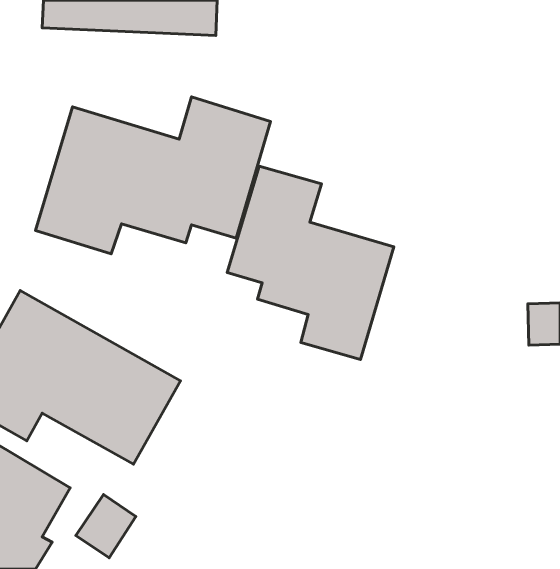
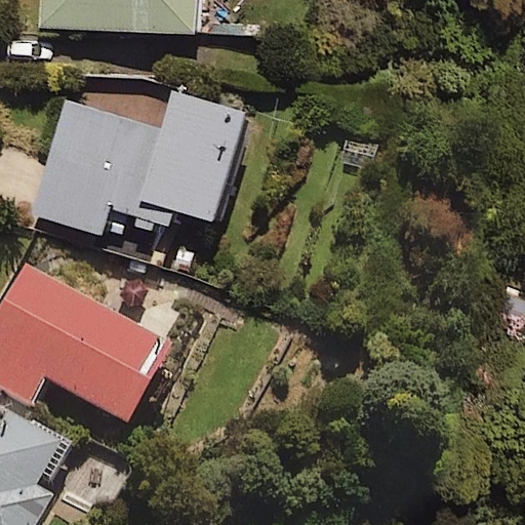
building: [227,166,394,359] -> none

